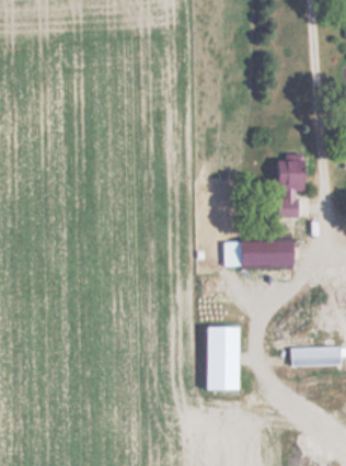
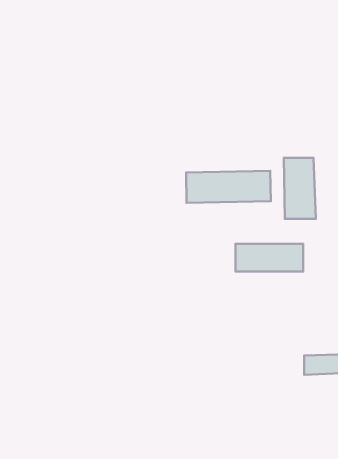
building: none -> [186,171,271,203]
building: [207,326,240,389] -> none

